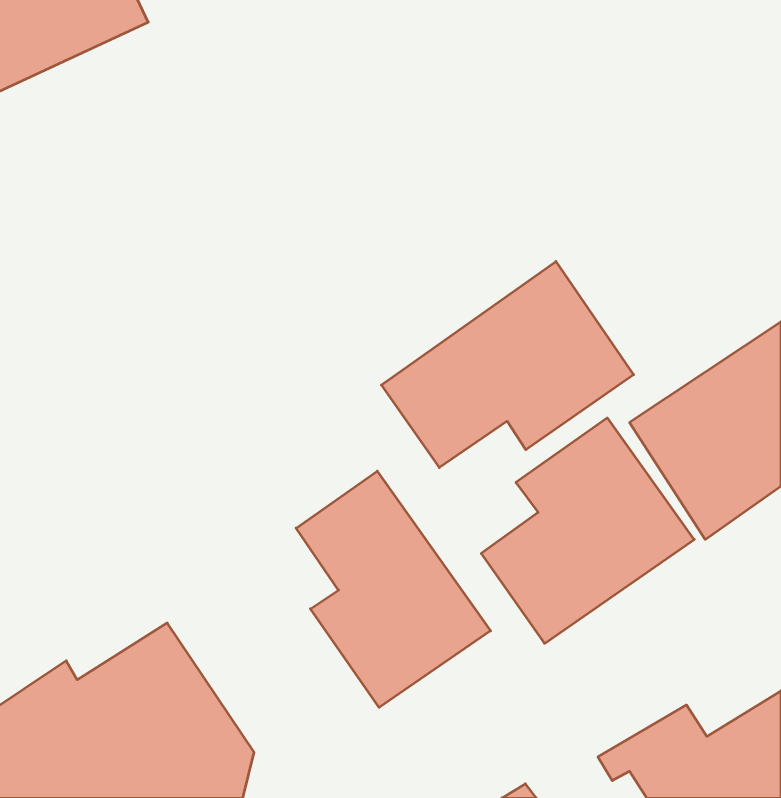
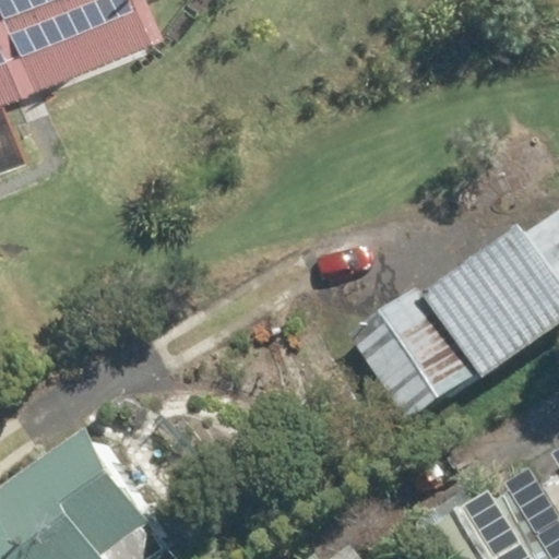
building: [381,261,634,468] -> none
building: [296,471,491,707] -> none

